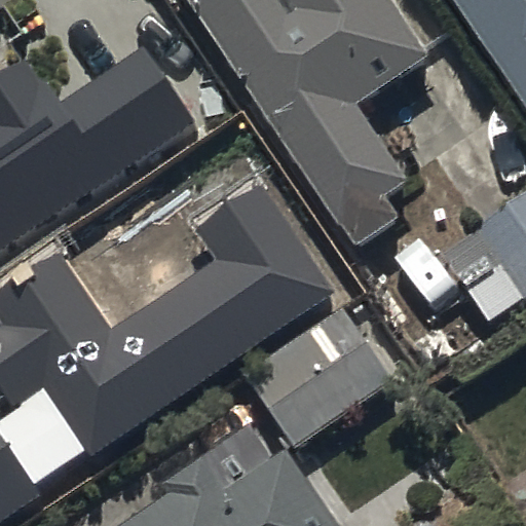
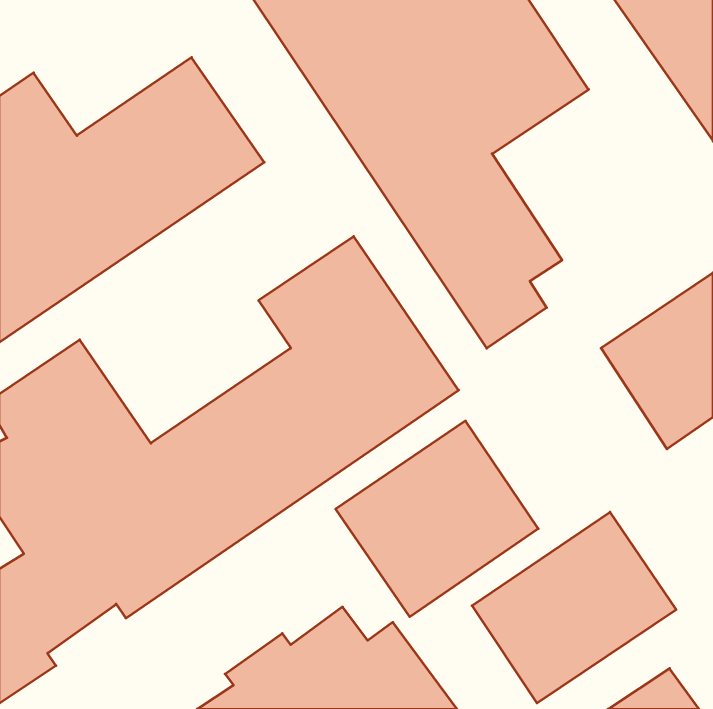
building: none -> [472,512,676,703]

